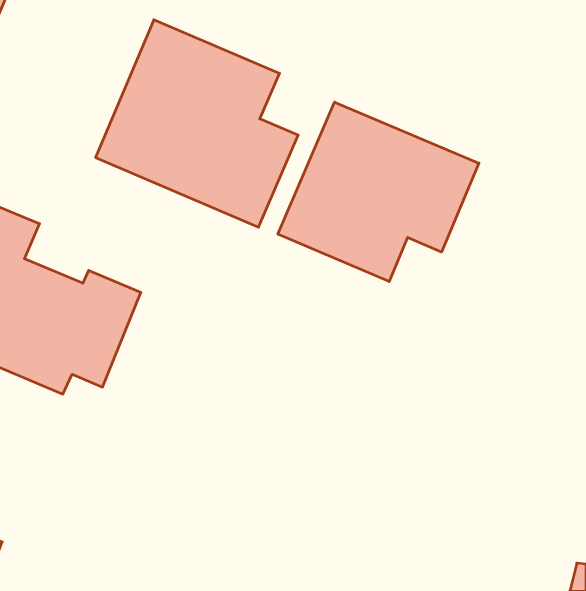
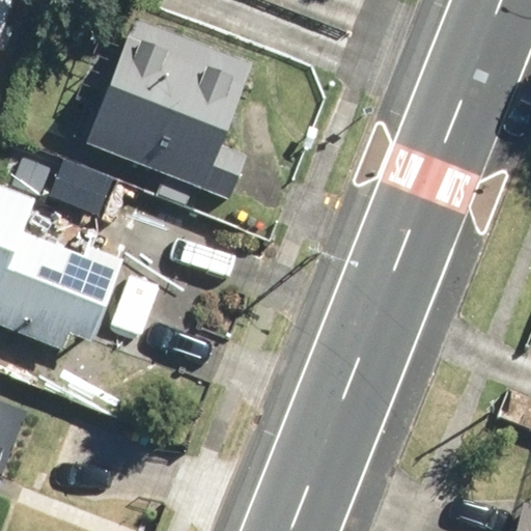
building: [278,102,479,282] -> none

